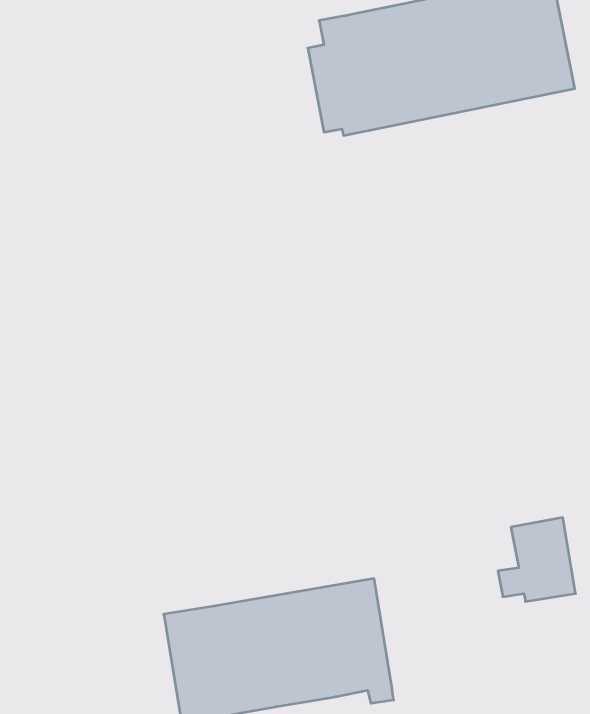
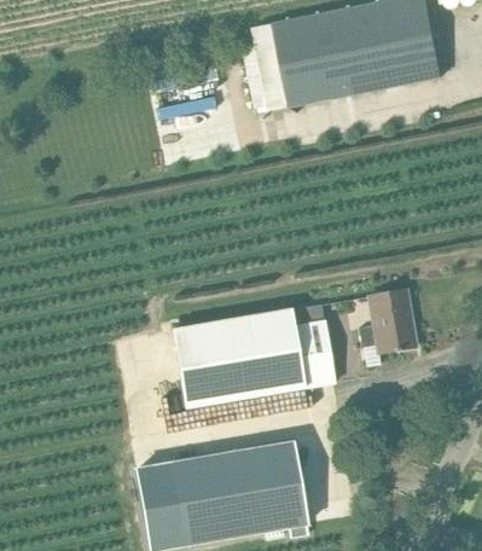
building: none -> [173,302,336,407]
building: [498,518,576,602] -> [359,288,417,350]

